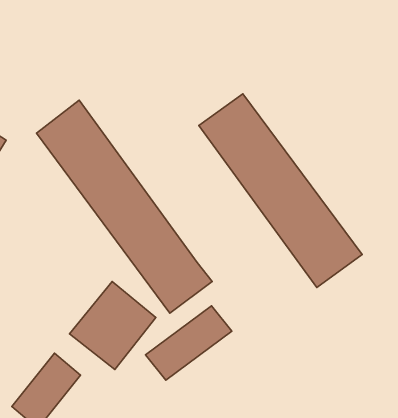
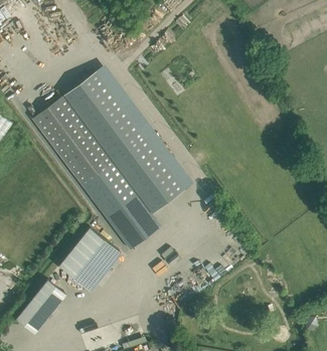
building: [199,94,362,288] -> [65,70,185,212]
building: [146,306,232,380] -> none

